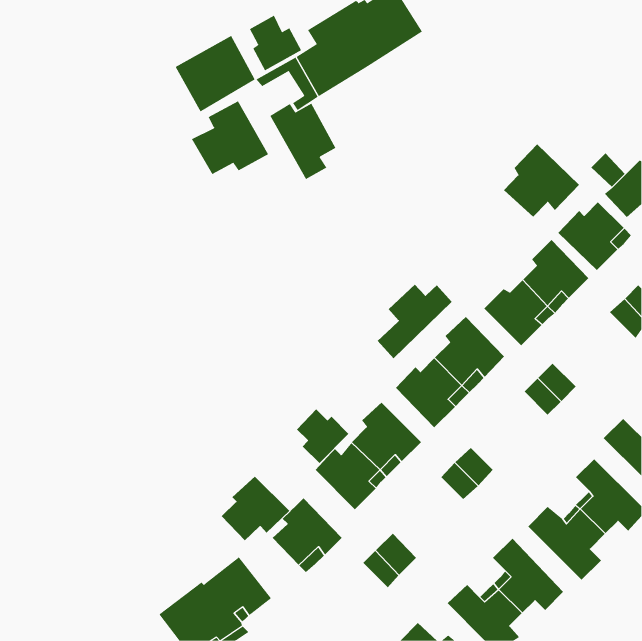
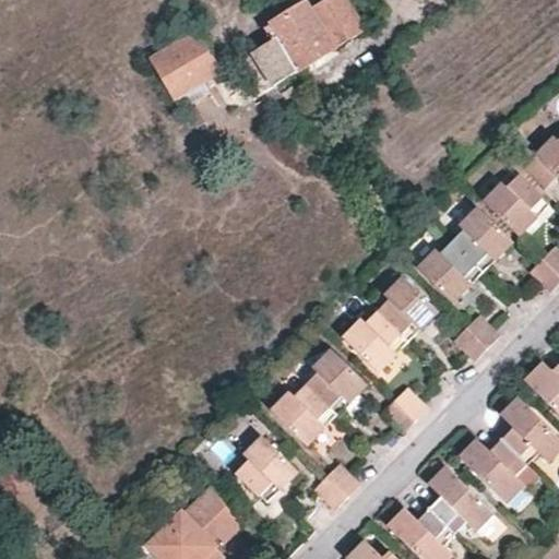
building: [249,15,302,71] -> none
building: [191,100,269,175] -> none
building: [270,103,336,180] -> none
building: [503,144,580,218] -> none
building: [377,284,452,359] -> none
building: [296,409,349,464] -> none
building: [221,476,290,541] -> none

